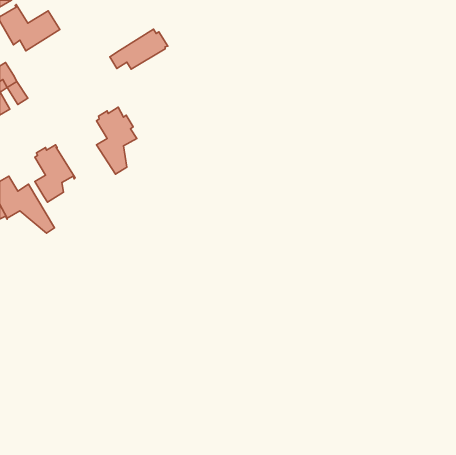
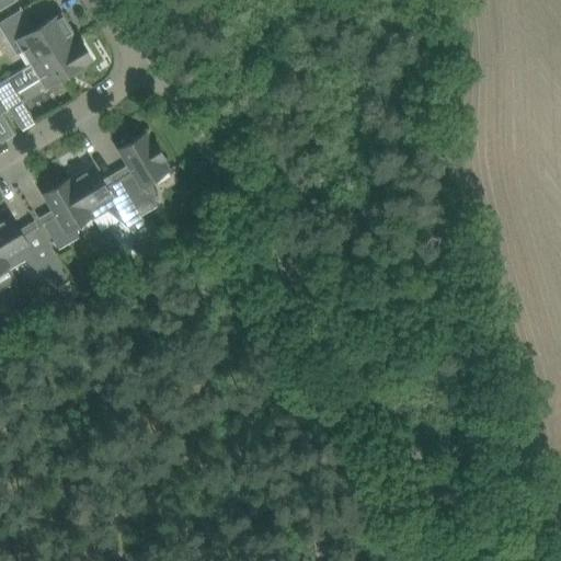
building: [110,29,168,69] -> [20,38,91,88]
building: none -> [69,169,150,239]

